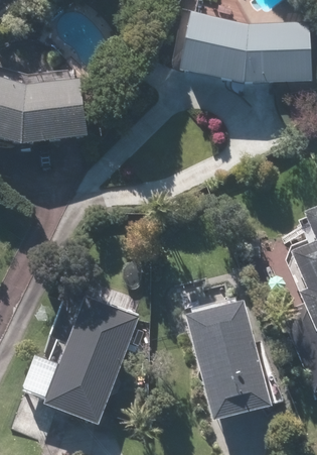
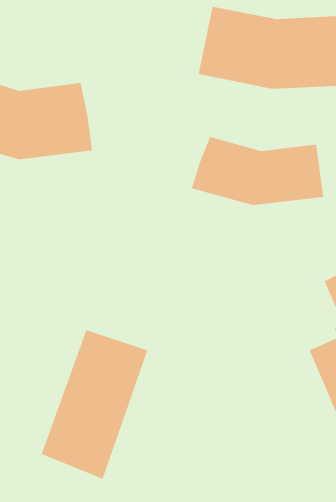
building: none -> [191,136,324,206]
building: [186,299,272,421] -> none

